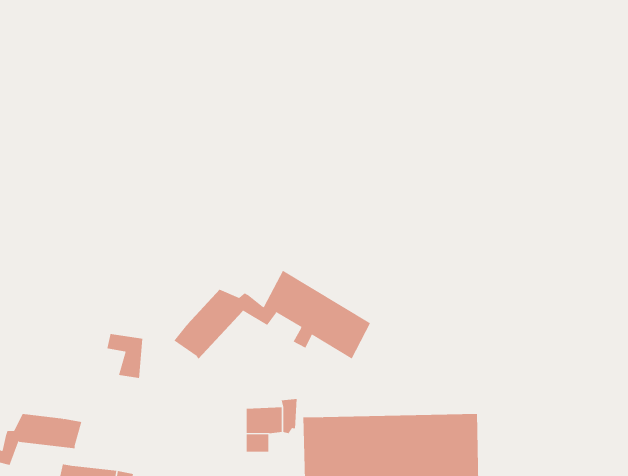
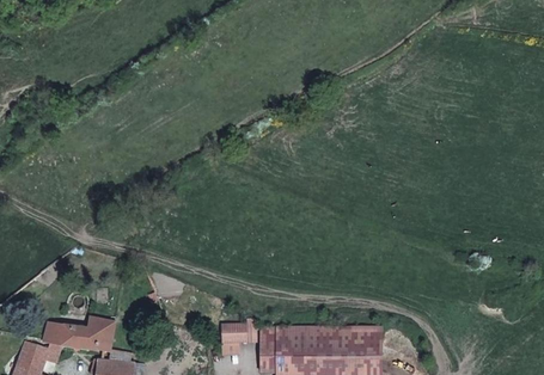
building: [173,270,371,360] -> none
building: [106,334,143,379] -> [88,315,115,348]

